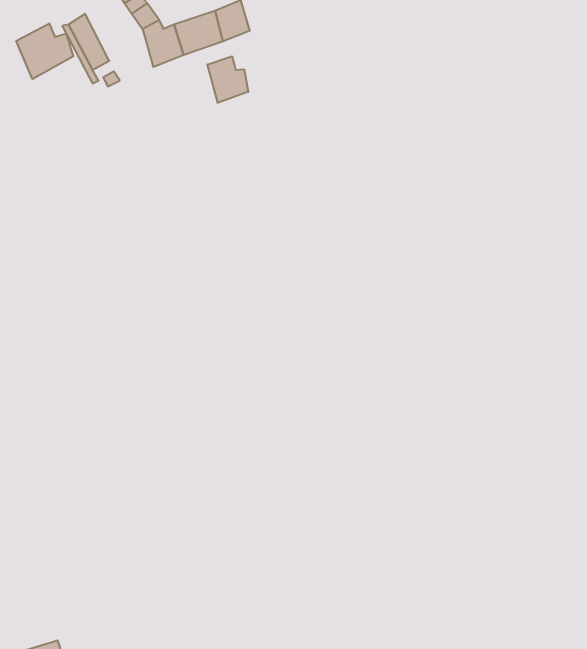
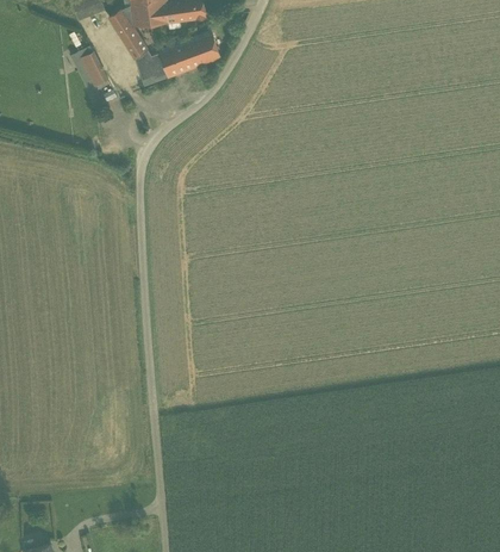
building: [16,23,73,79] -> none
building: [207,56,248,103] -> none

